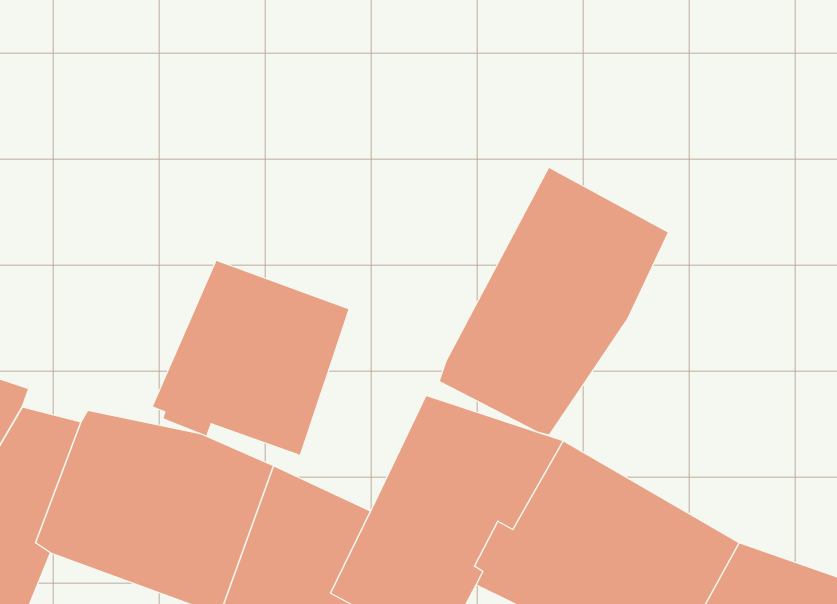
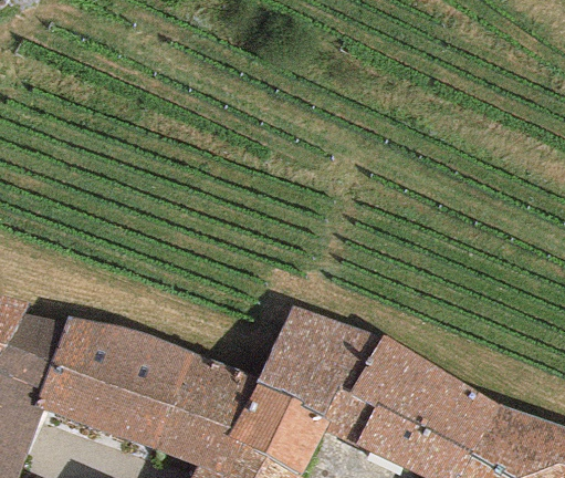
building: [439,167,669,435] -> none
building: [152,260,349,455] -> none

